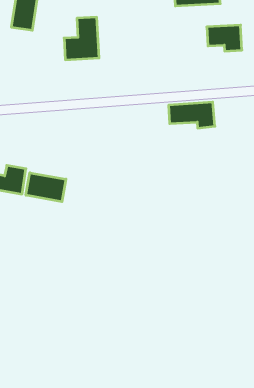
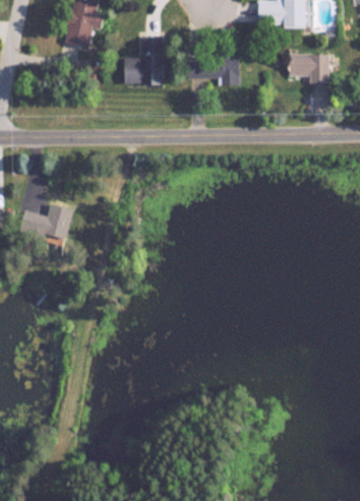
building: [169,102,215,128] -> [189,57,242,86]
building: [26,173,66,202] -> none

